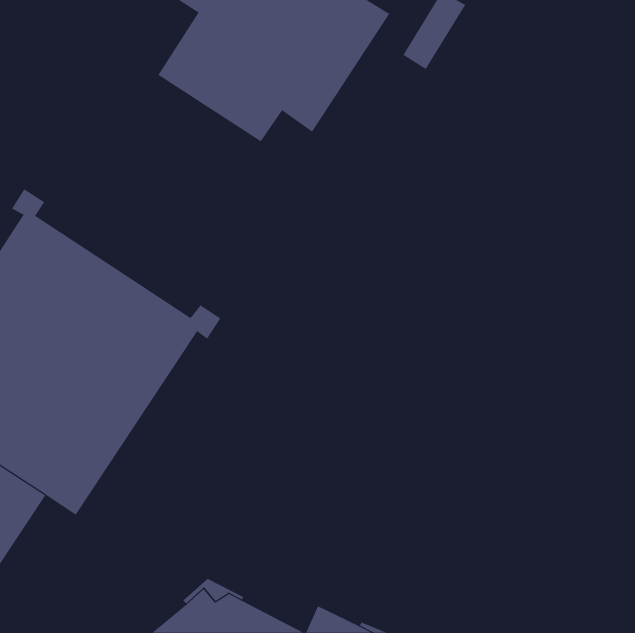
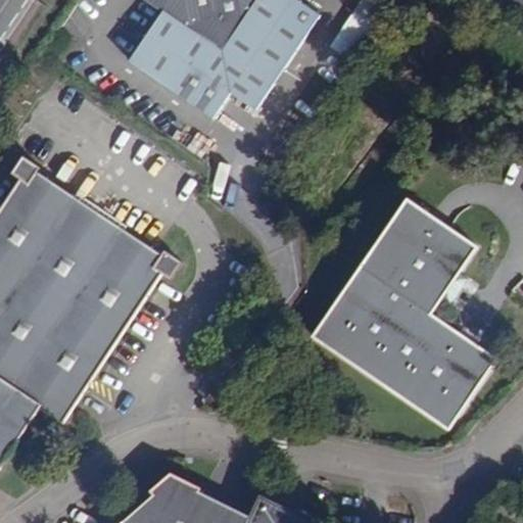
building: none -> [312,198,494,429]

